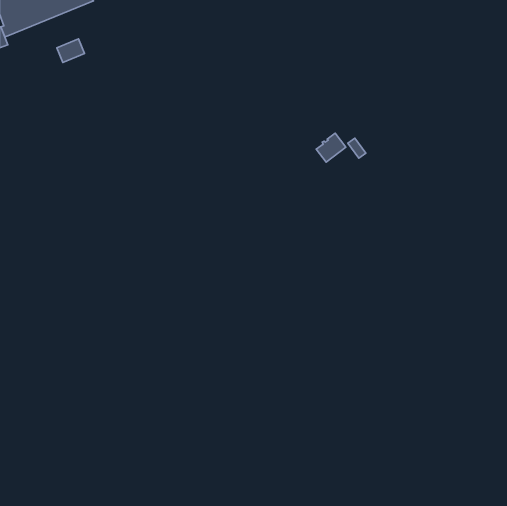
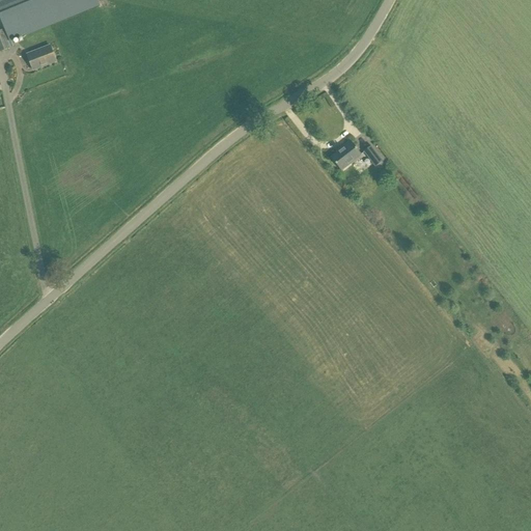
building: [57,39,85,63] -> [26,44,55,68]

